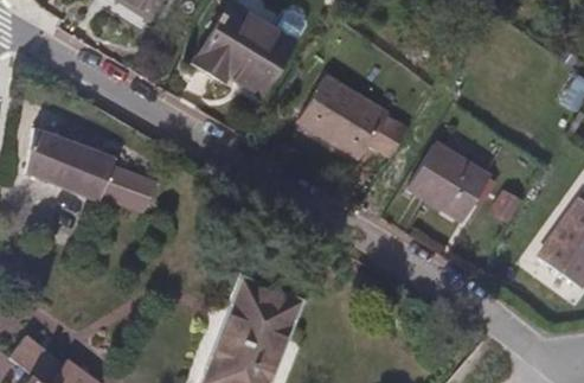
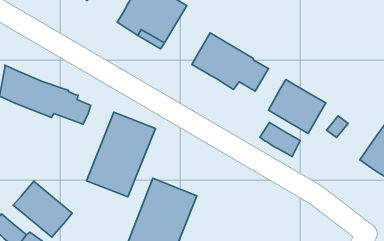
building: none -> [87,112,155,197]
building: none -> [260,123,300,157]
building: none -> [13,181,72,237]

